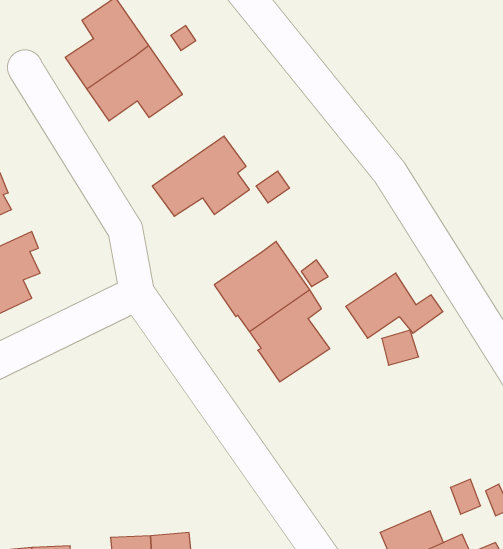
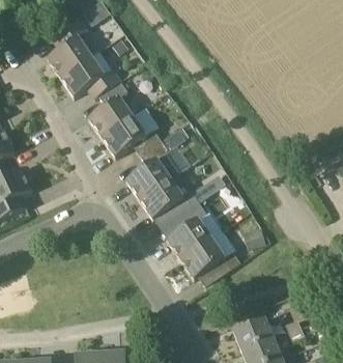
building: none -> [87,80,132,137]
building: none -> [125,139,169,198]
building: [346,273,443,338] -> [179,238,239,278]
building: none -> [233,318,273,352]

